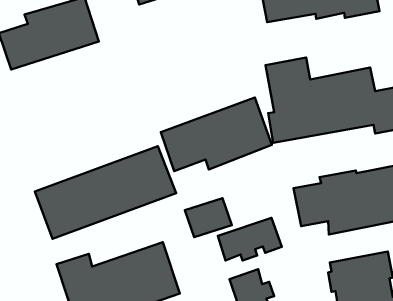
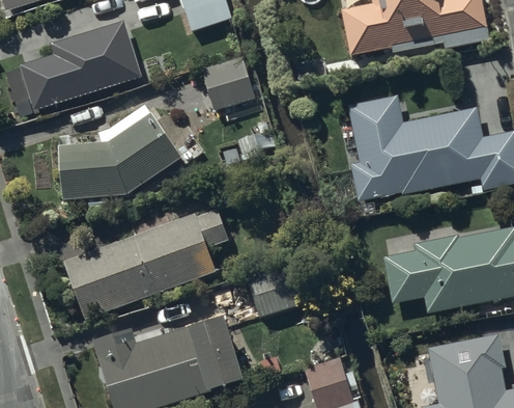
building: none -> [201,57,255,110]
building: none -> [61,105,181,198]
building: [161,98,272,171] -> none
building: [218,218,282,261] -> none

